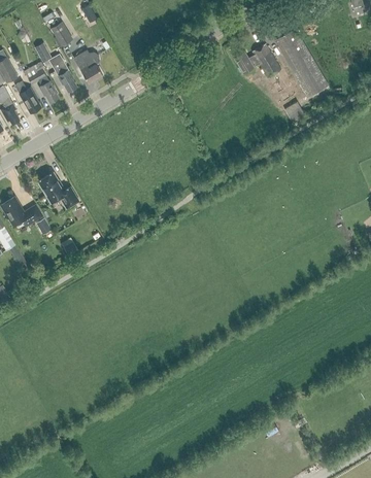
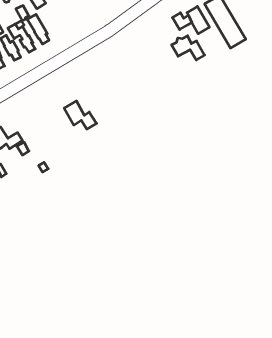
building: [75,53,103,83] -> none
building: none -> [172,36,205,60]
building: [38,172,79,208] -> [64,101,97,129]

